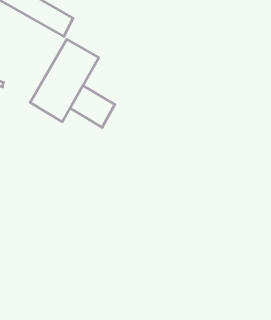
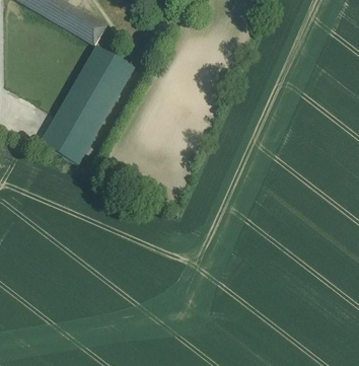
building: [70,85,115,128] -> [43,118,92,164]

